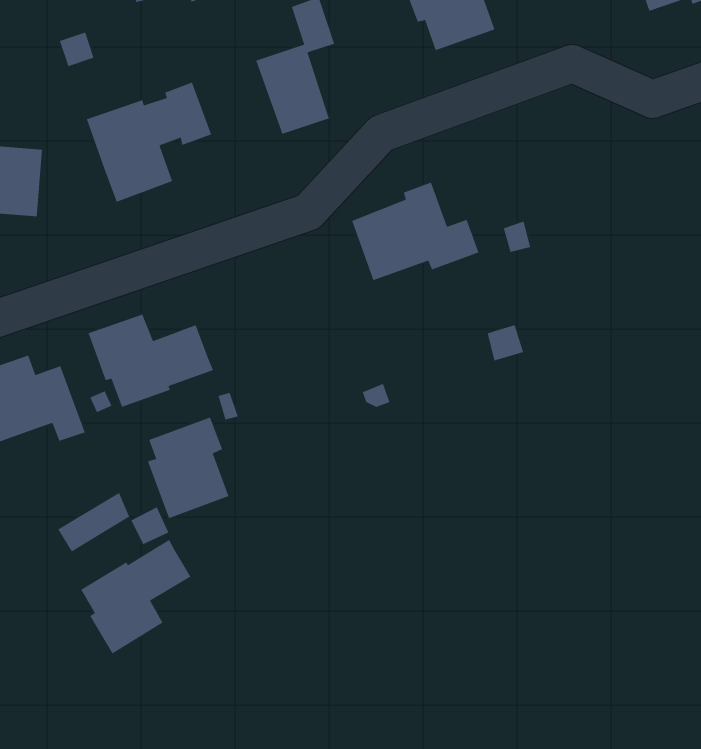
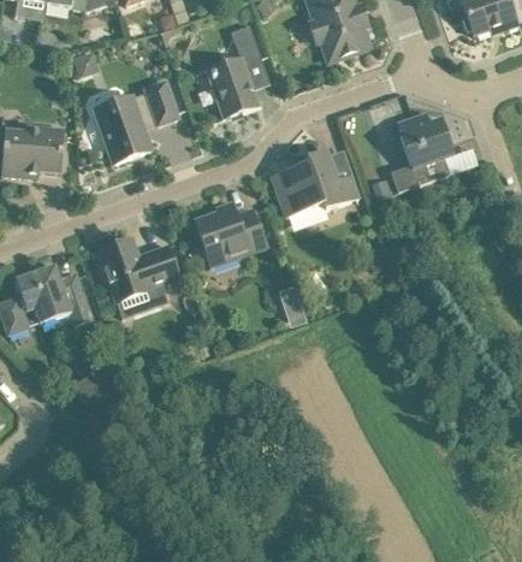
building: none -> [391,112,453,193]
building: none -> [195,201,265,264]
building: [147,417,229,519] -> none
building: [80,539,192,655] -> none

